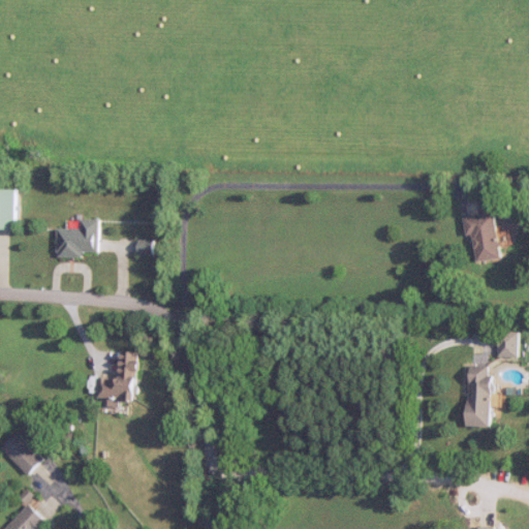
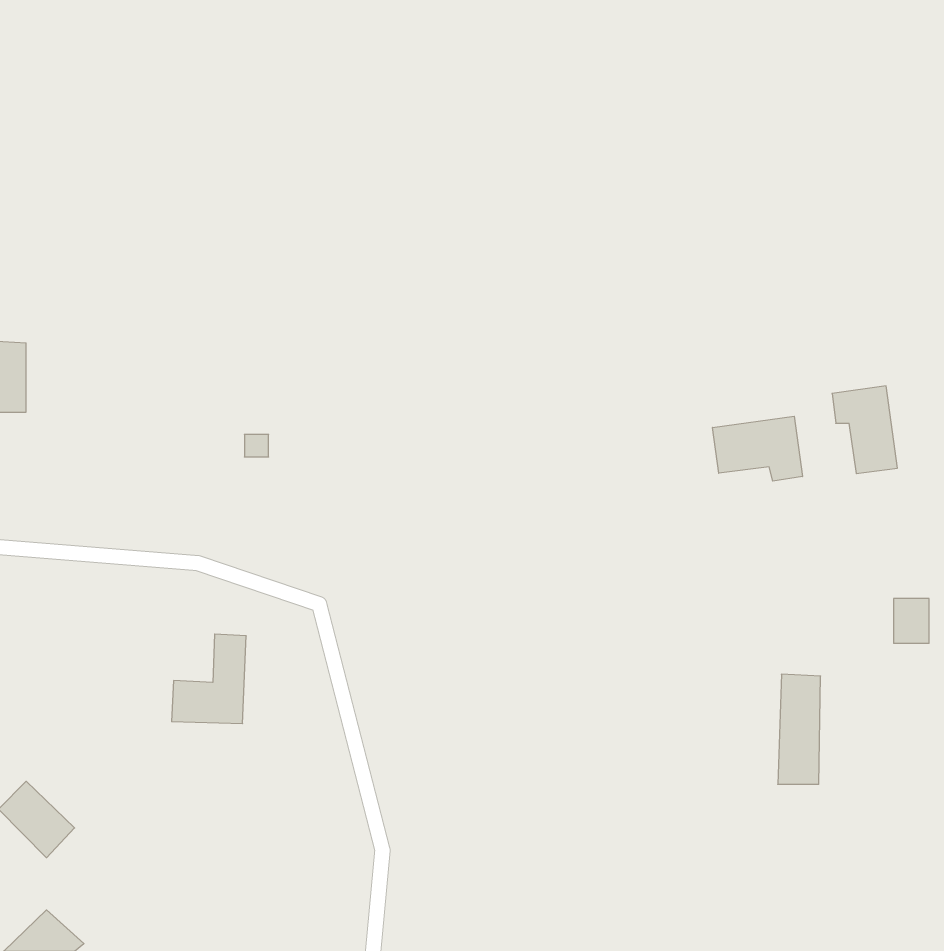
building: [54,220,96,256] -> none
building: none -> [713,416,802,481]
building: [465,365,489,426] -> [778,674,821,784]

